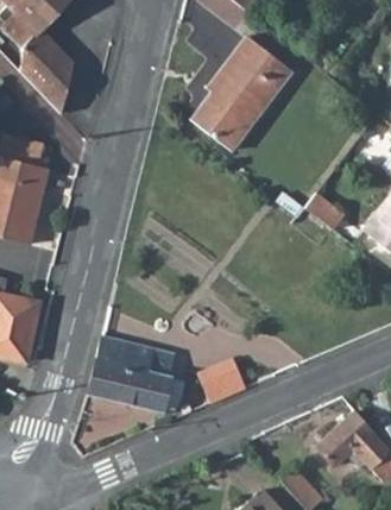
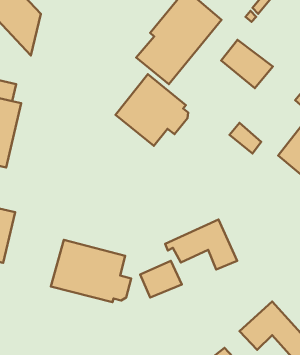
building: none -> [221,40,273,88]
building: none -> [116,74,188,146]
building: none -> [165,220,237,270]

